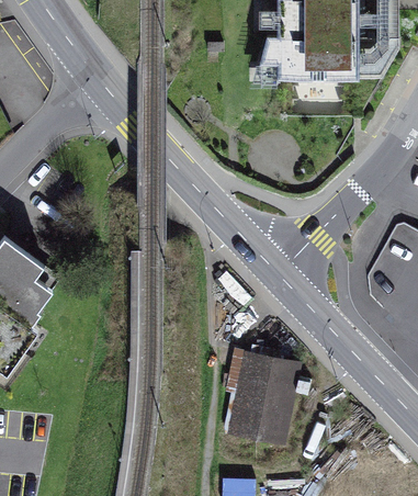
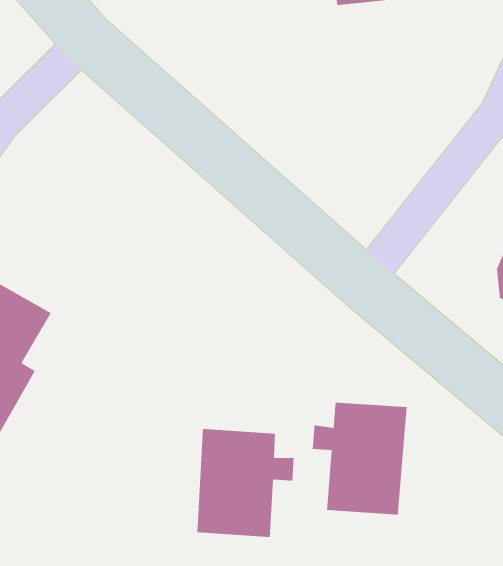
building: none -> [197,428,294,538]

